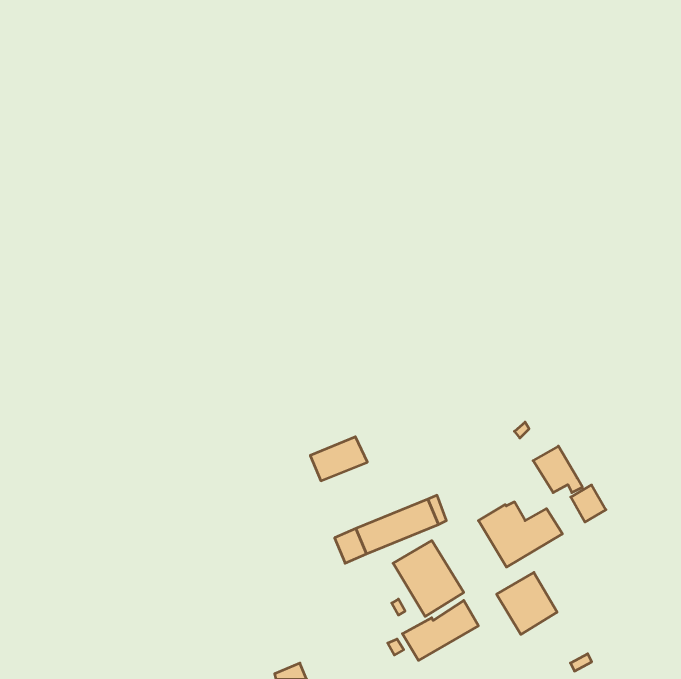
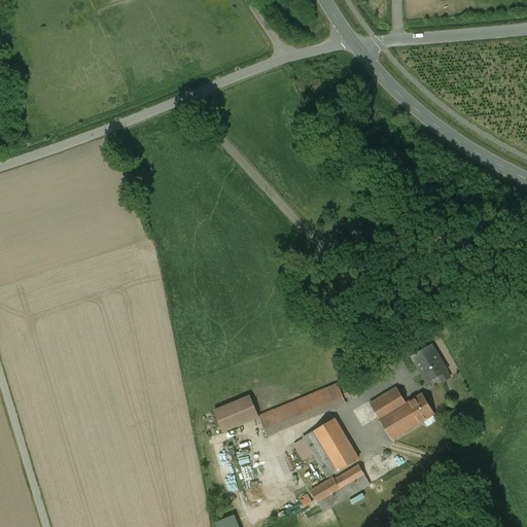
building: [310,437,367,481] -> [214,396,258,430]
building: [571,485,606,522] -> none
building: [497,572,557,634] -> none

